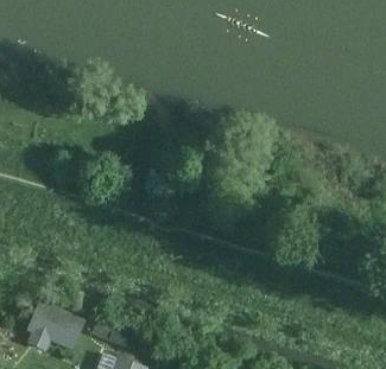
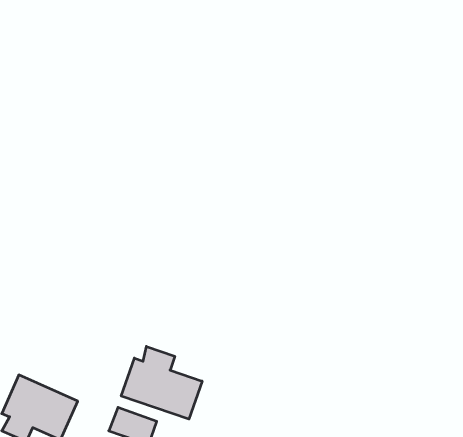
building: none -> [121,346,202,419]

